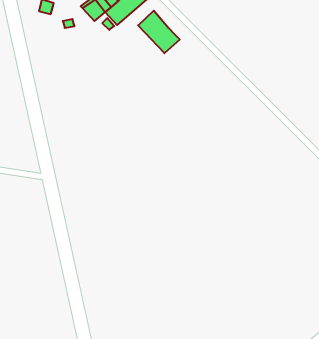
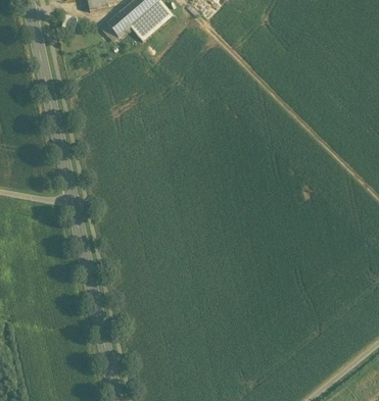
building: [138,11,180,53] -> none

